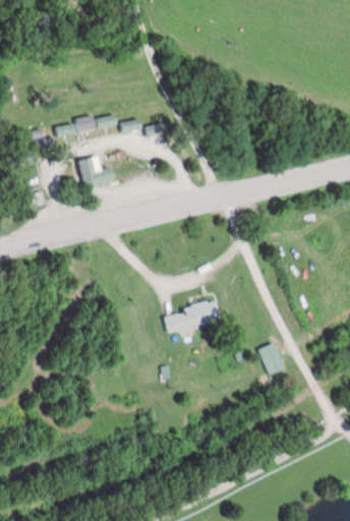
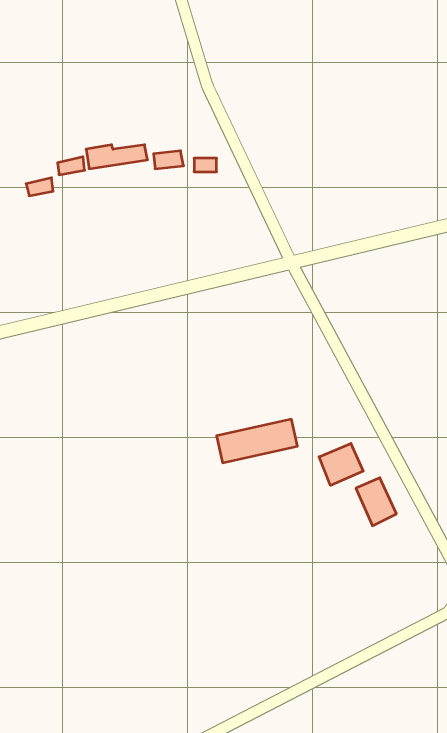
building: [77,156,114,190] -> none
building: none -> [319,443,363,485]

